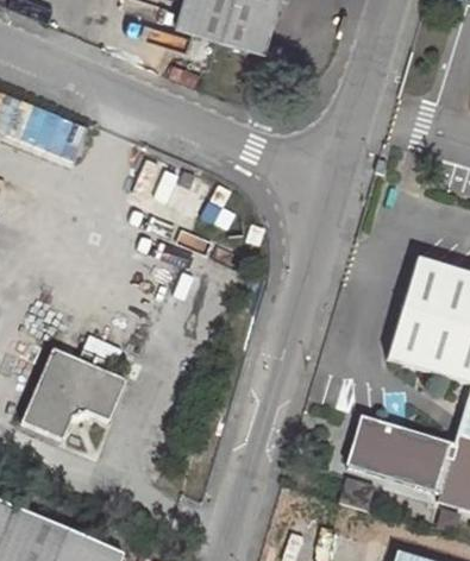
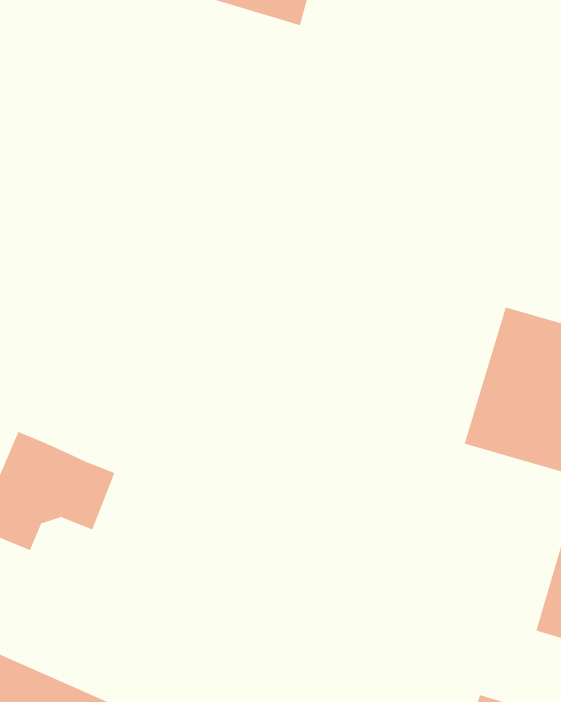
building: [337,418,447,509] -> none

